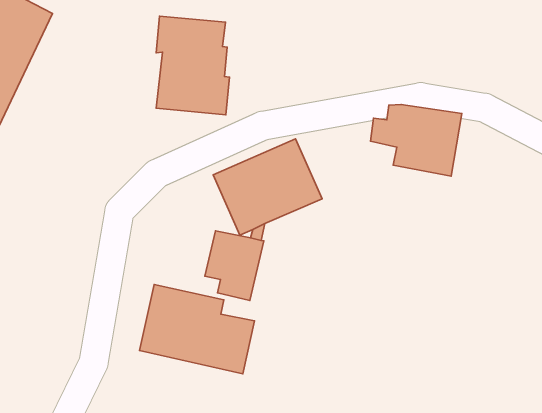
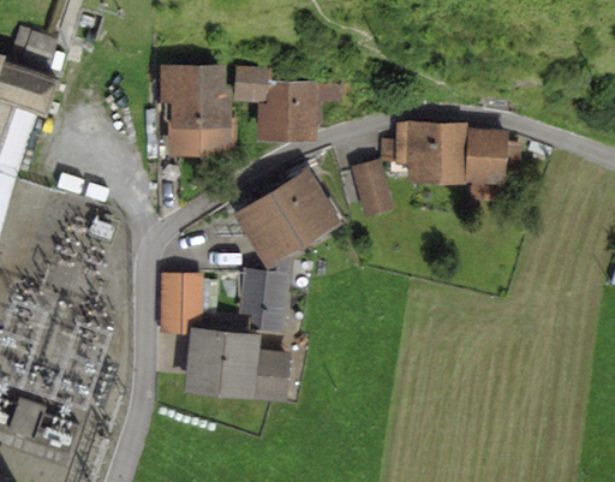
building: none -> [234,66,339,138]
building: none -> [466,129,519,203]
building: none -> [351,161,393,220]
building: none -> [159,272,202,333]

